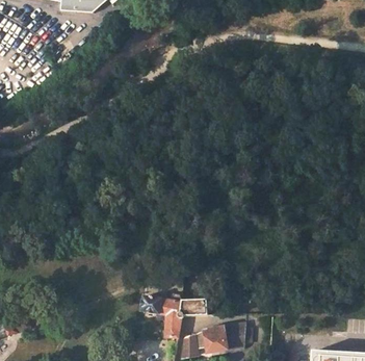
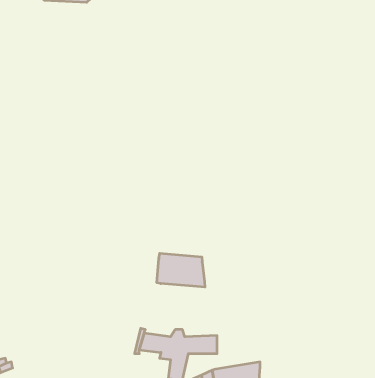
building: none -> [157,253,205,287]

